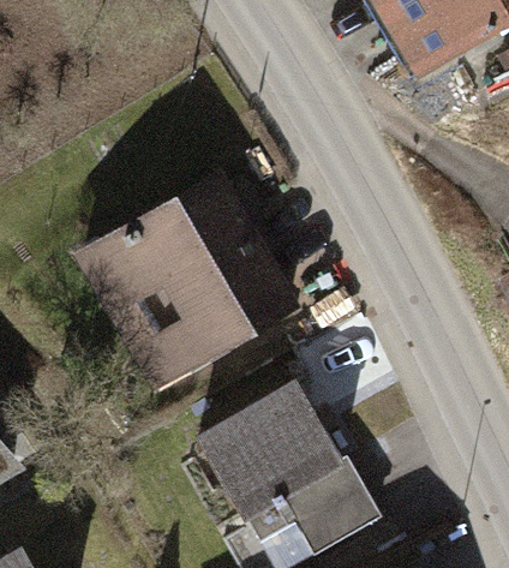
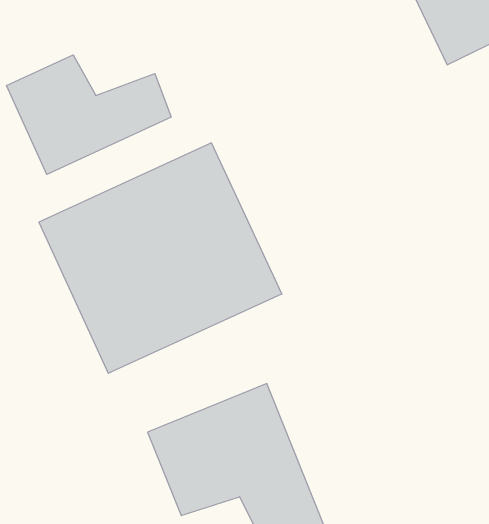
building: none -> [6,55,171,174]

